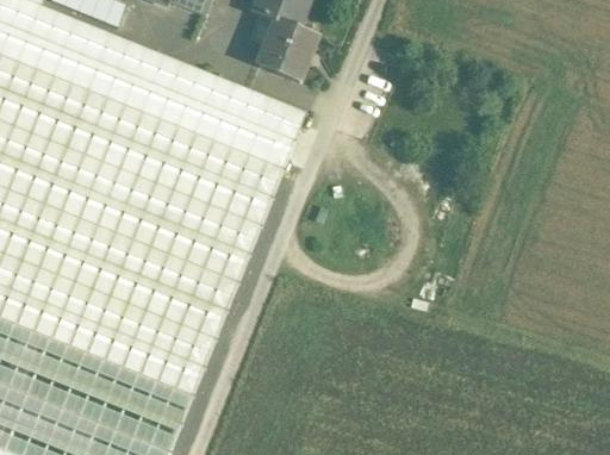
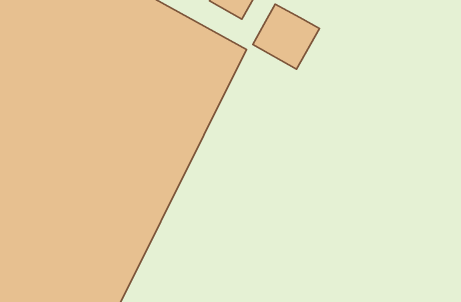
building: none -> [253,4,320,69]

